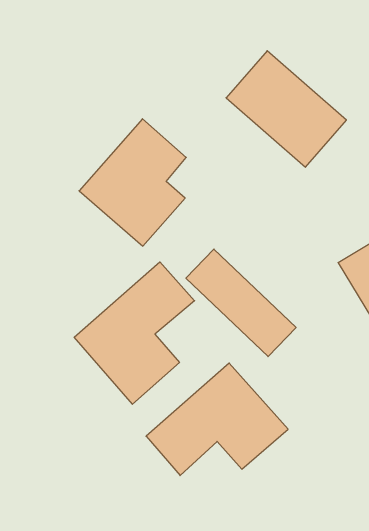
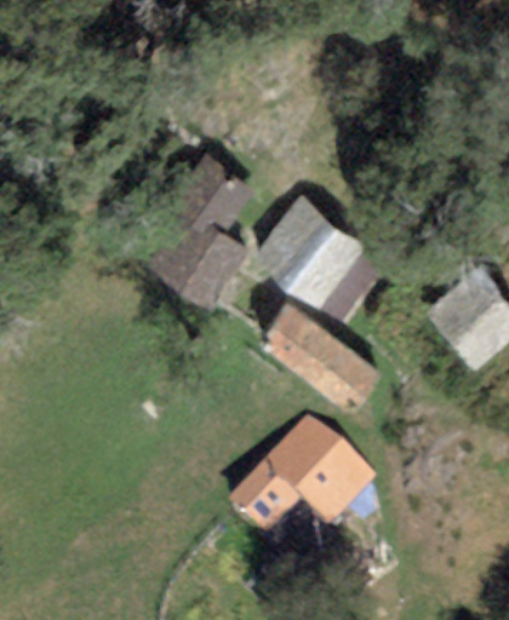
building: [226,51,346,167] -> [257,197,391,323]
building: [74,262,195,404] -> none

